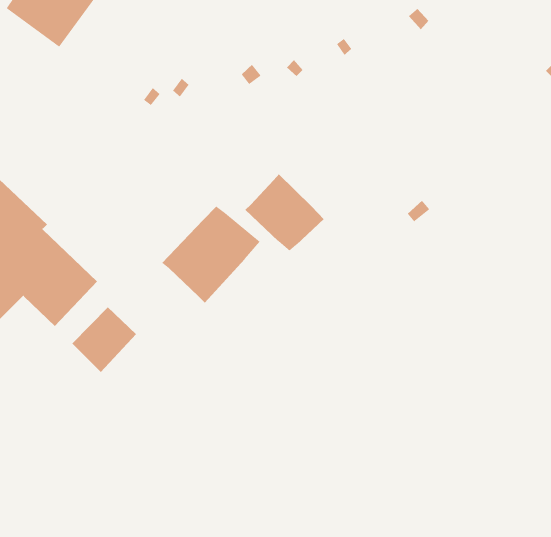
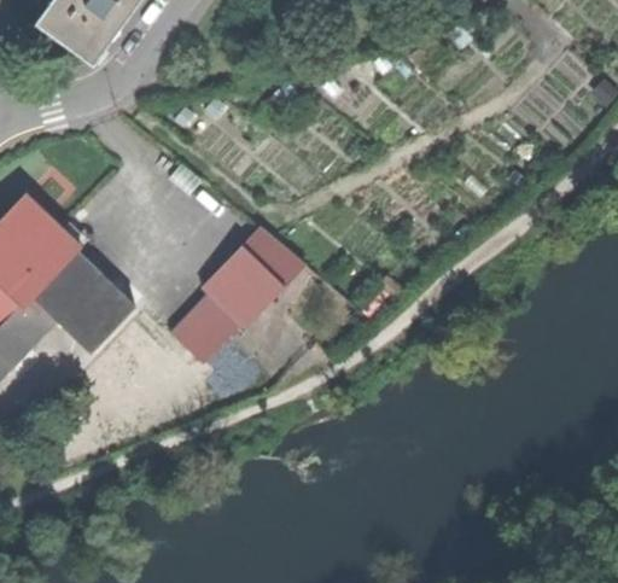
building: [245,174,325,252] -> none
building: [72,306,137,373] -> [169,292,237,361]

